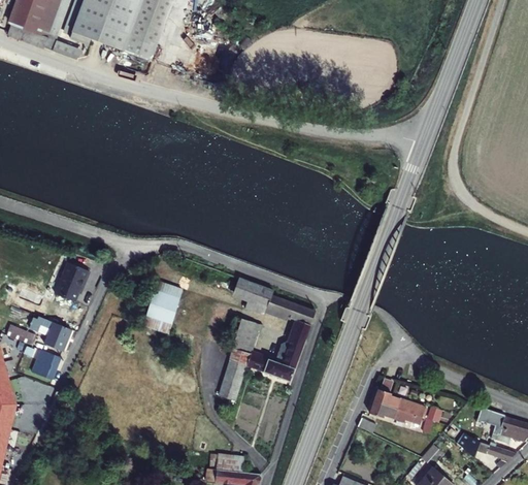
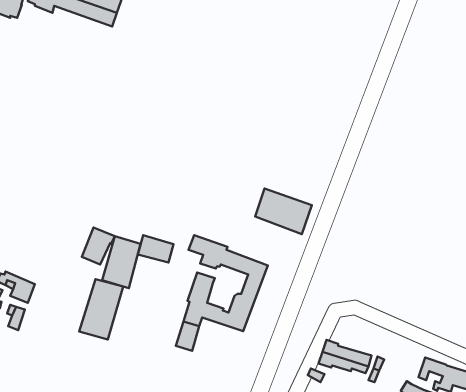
building: none -> [255,188,312,234]
building: [56,263,91,302] -> [82,227,115,265]
building: none -> [138,235,173,263]
building: none -> [79,279,123,339]

